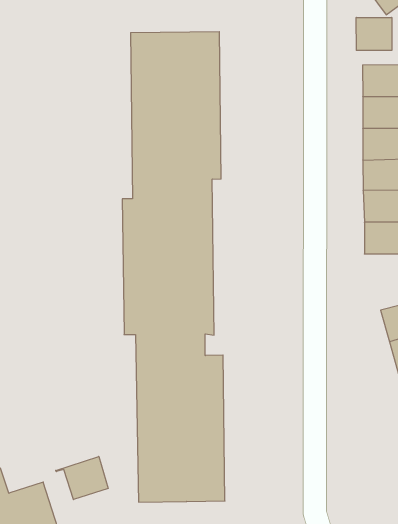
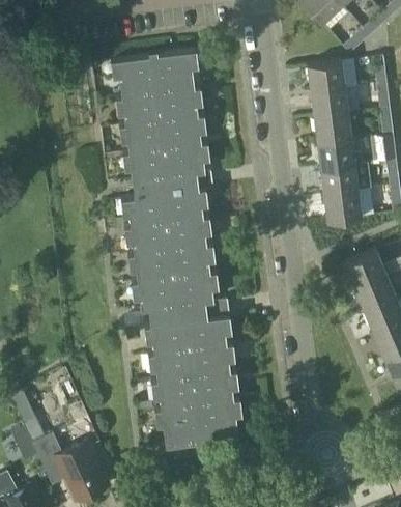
building: [356,17,392,50] -> none
building: [56,456,108,500] -> none

